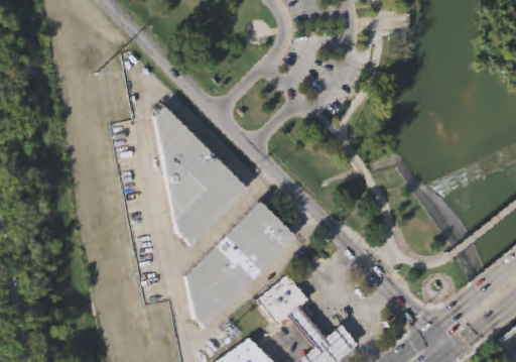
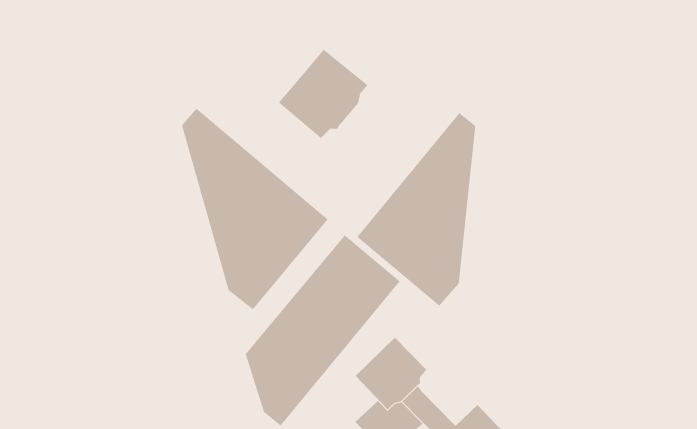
building: none -> [278,49,368,139]
building: none -> [356,112,476,307]

